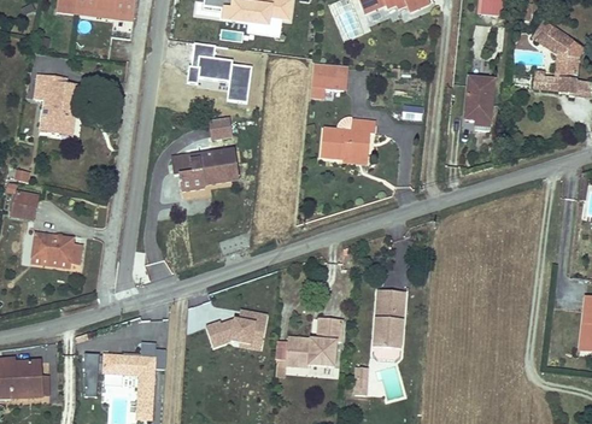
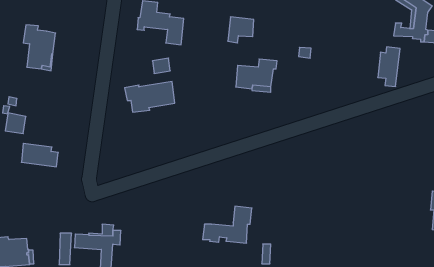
building: [465,77,496,130] -> [378,47,400,86]
building: [374,289,405,359] -> none
building: [207,310,266,346] -> none

